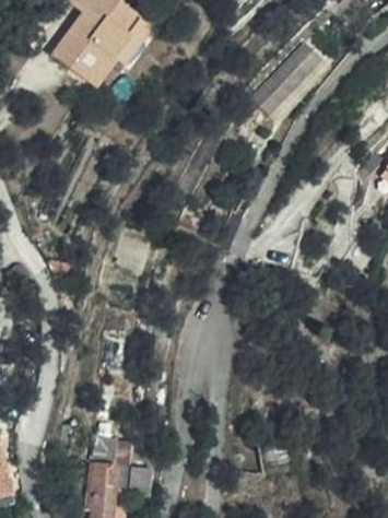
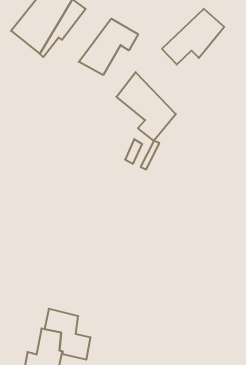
building: none -> [79,19,138,75]
building: none -> [116,72,176,141]

